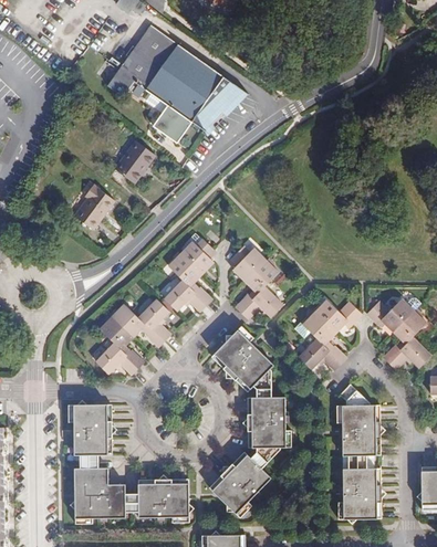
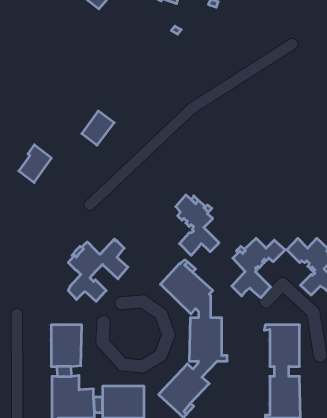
building: [105,25,249,140] -> none
building: [73,186,113,232] -> [19,145,51,183]
building: [162,238,215,314] -> none

